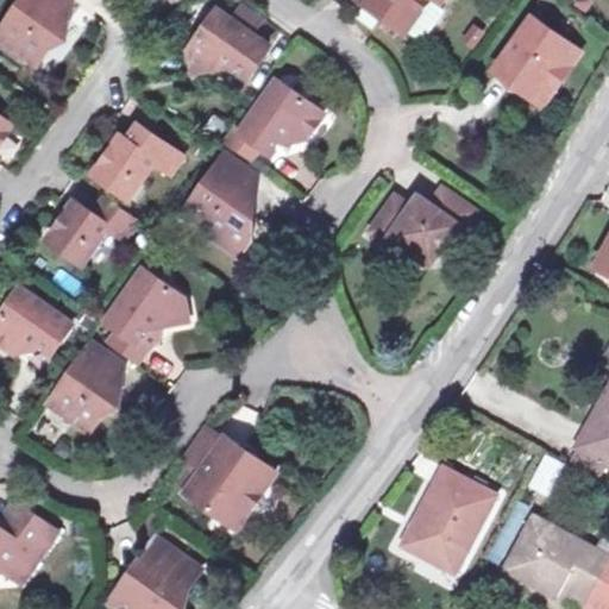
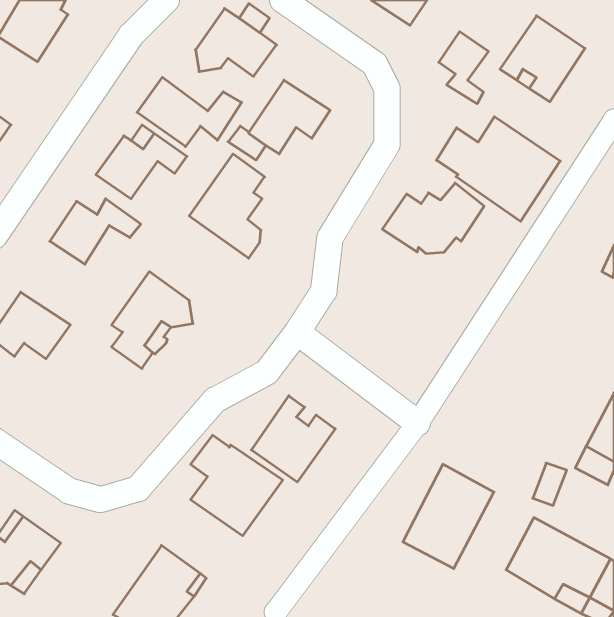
building: none -> [439,32,488,104]
building: none -> [137,77,242,147]
building: none -> [436,117,560,221]
building: [54,343,124,429] -> none
building: none -> [251,396,335,482]

